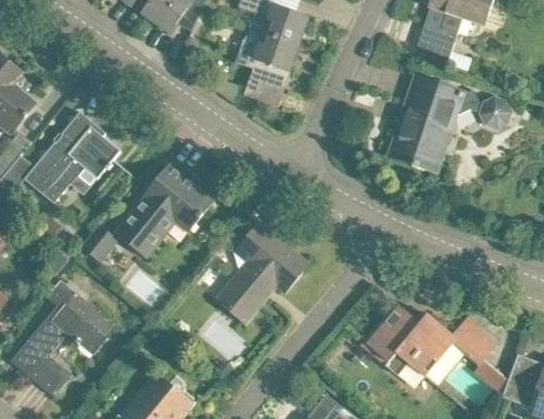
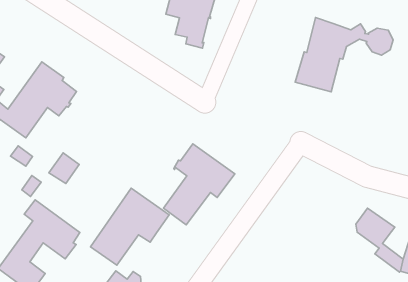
building: [114,164,213,257] -> [90,188,169,265]
building: [366,305,453,376] -> none

